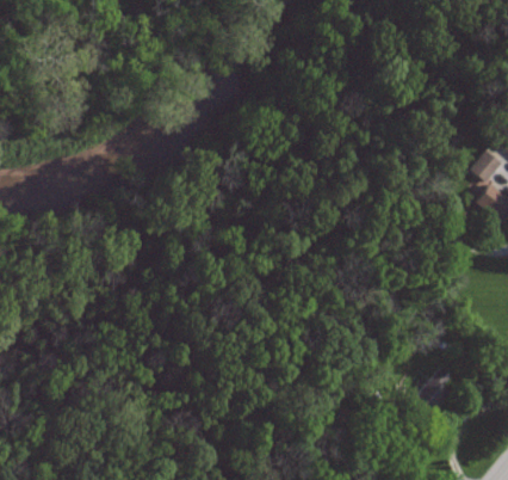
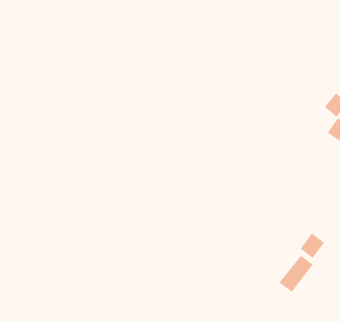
building: none -> [300,233,325,259]

